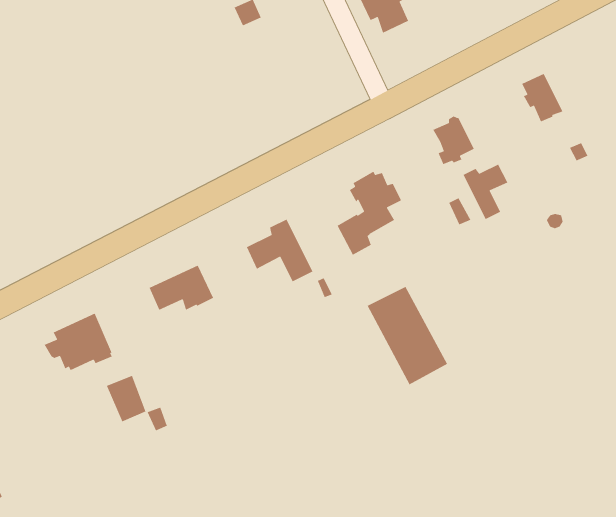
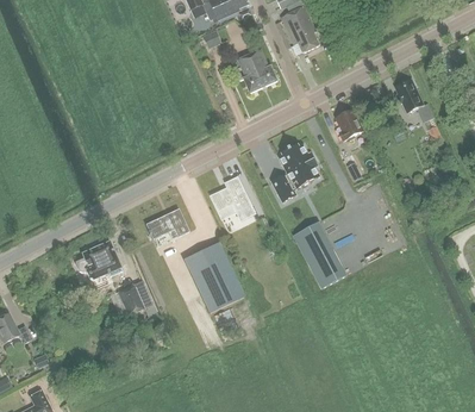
building: none -> [238,49,277,92]
building: [462,163,509,220] -> none
building: none -> [183,241,245,312]

